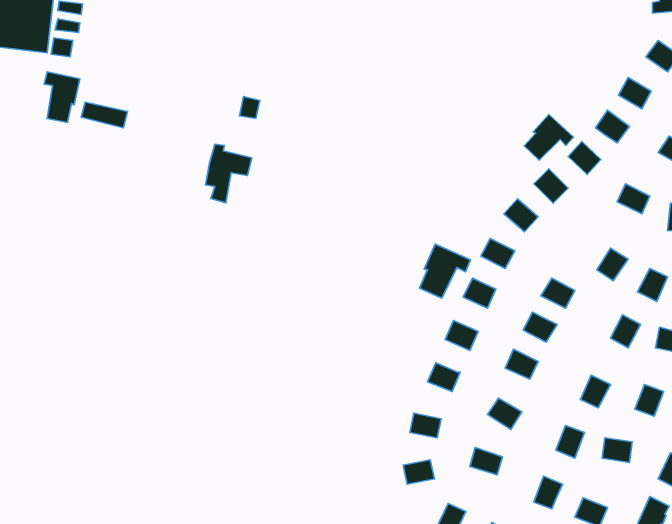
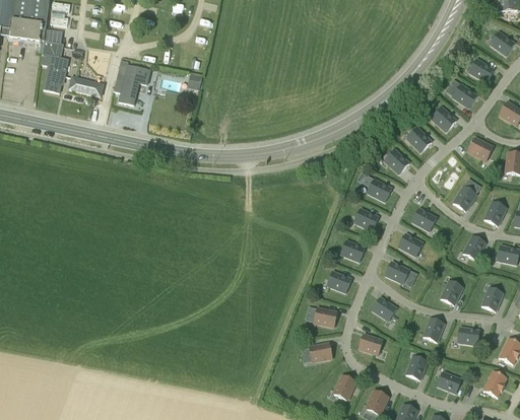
building: [524,115,573,160] -> none
building: [205,144,252,203] -> [114,60,148,103]
building: [420,244,471,298] -> none

